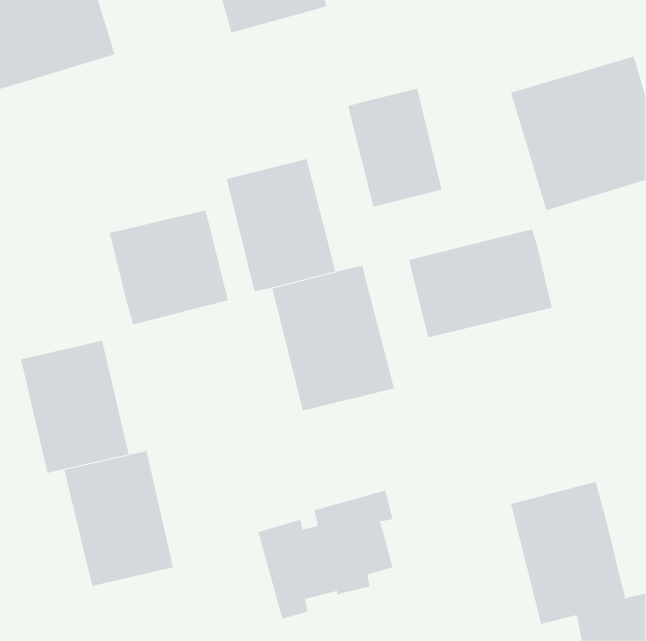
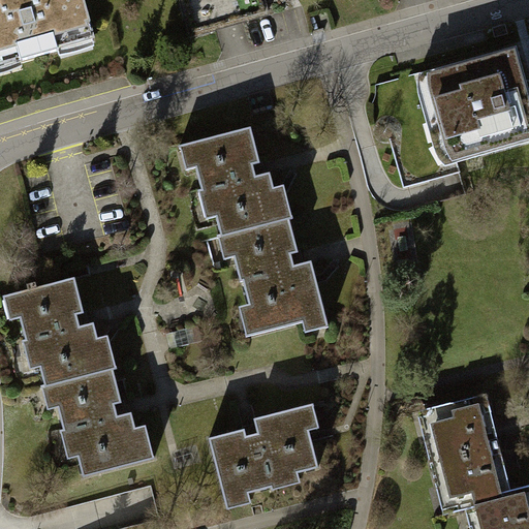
building: [347,88,442,207] -> none
building: [109,209,229,325] -> none
building: [409,229,553,338] -> none

